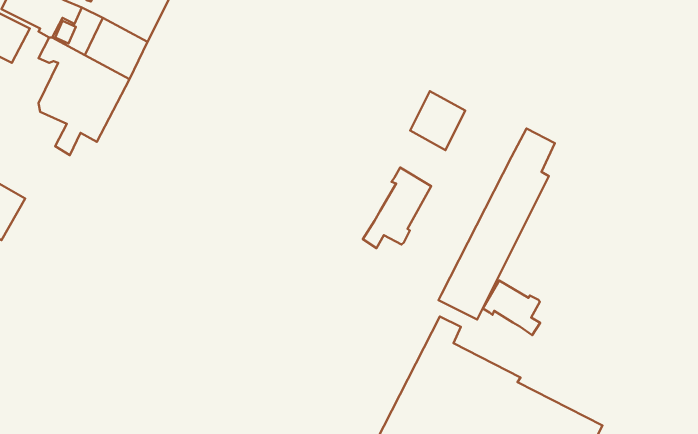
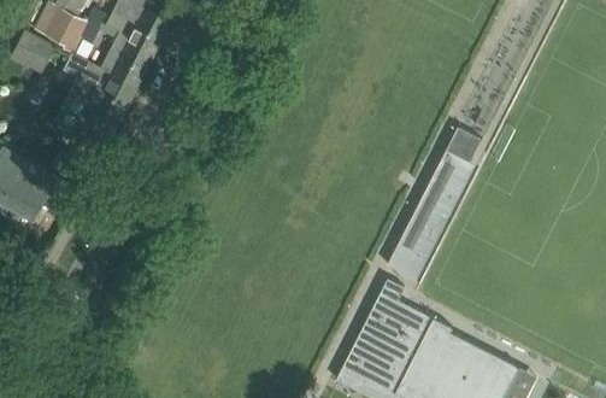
building: [410,91,465,150] -> none
building: [363,168,431,248] -> none
building: [483,280,540,335] -> none

